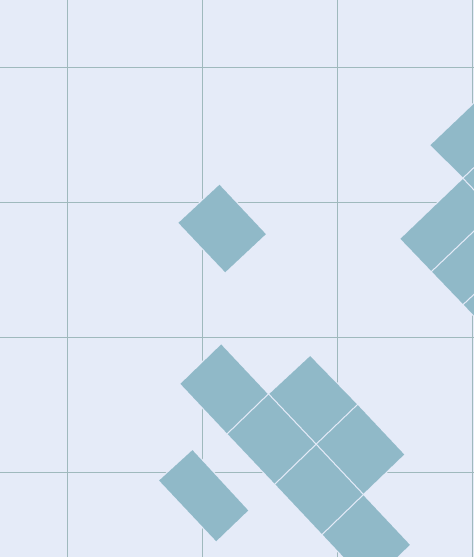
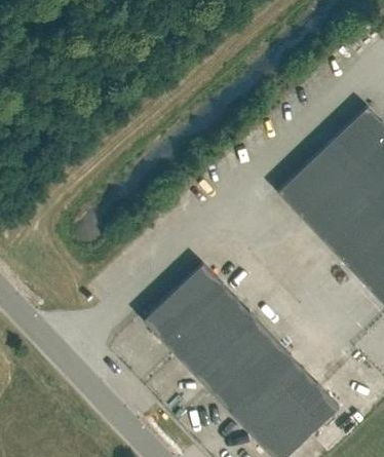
building: none -> [279,151,347,218]
building: [178,184,267,273] -> [175,265,238,329]
building: [158,449,249,542] -> none
building: none -> [276,372,341,436]

